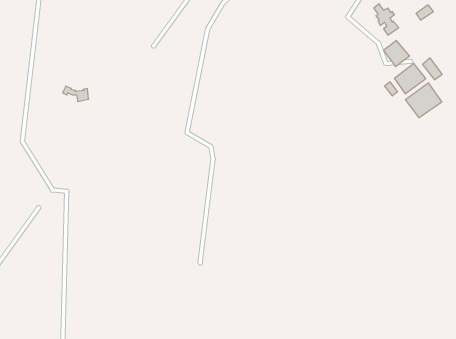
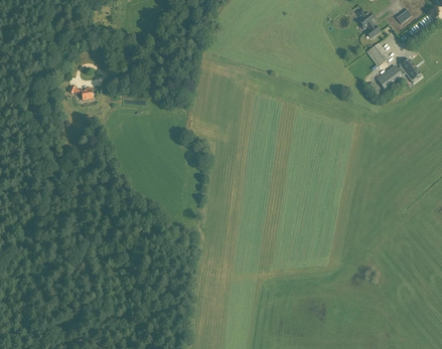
building: [405,83,442,118] -> none

